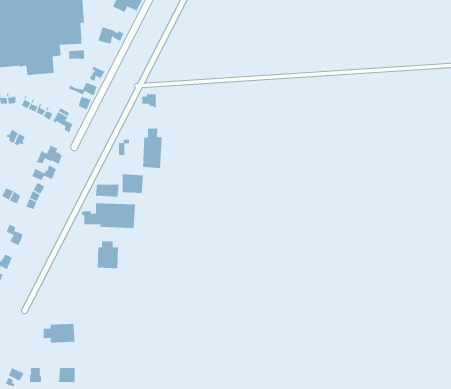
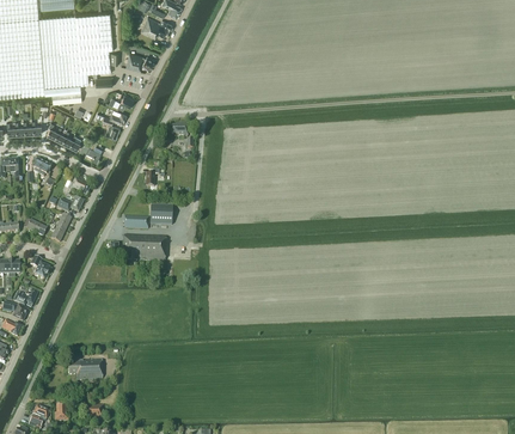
building: [142,128,162,169] -> none
building: [97,240,118,269] -> none

